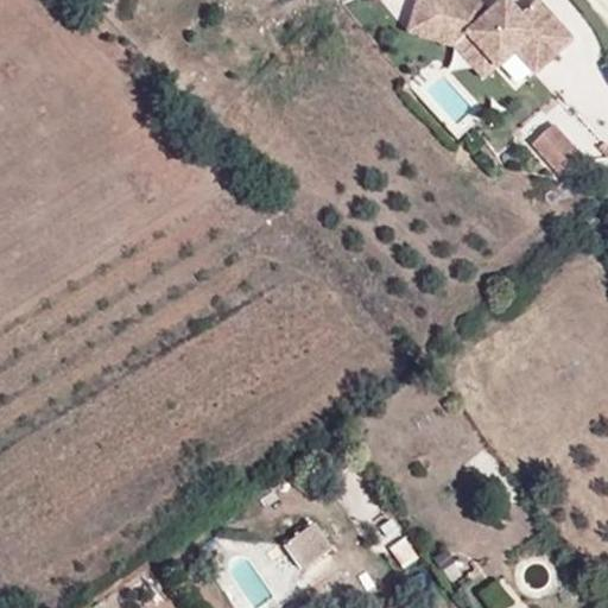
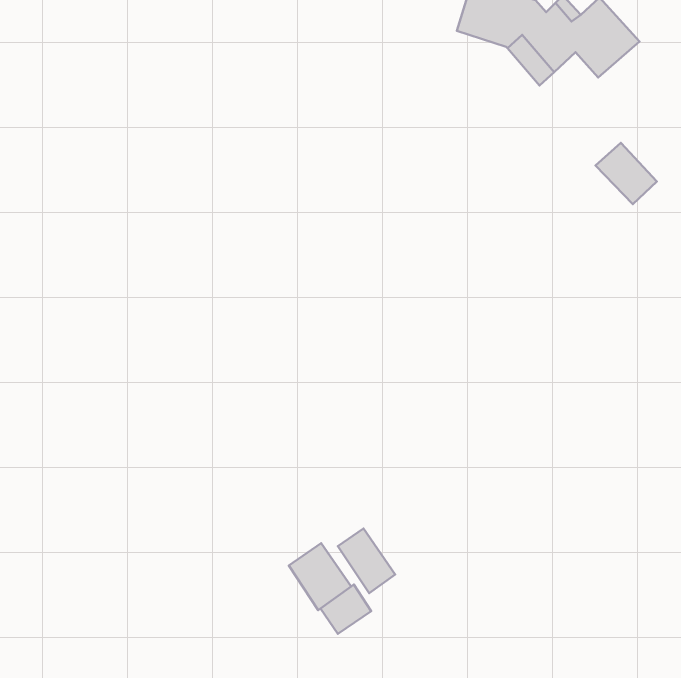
building: none -> [338,529,395,593]
building: none -> [289,543,351,610]

